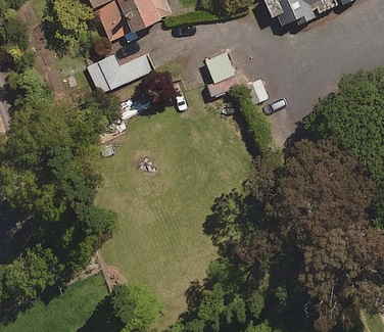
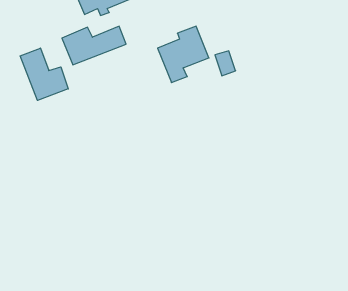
building: none -> [20,48,68,100]

